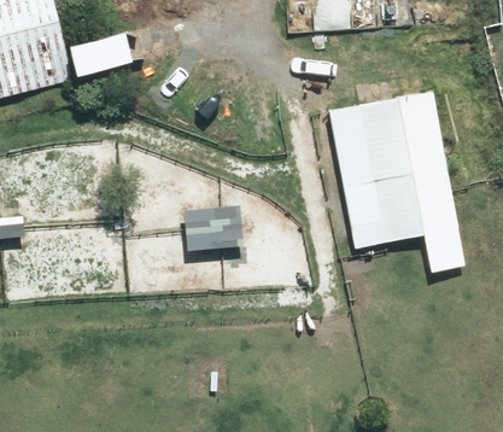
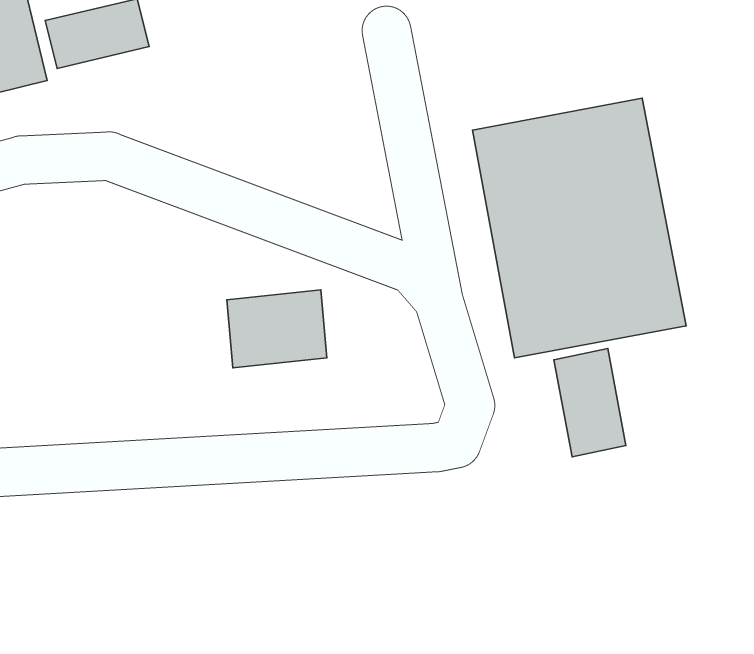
building: none -> [554,348,626,457]

